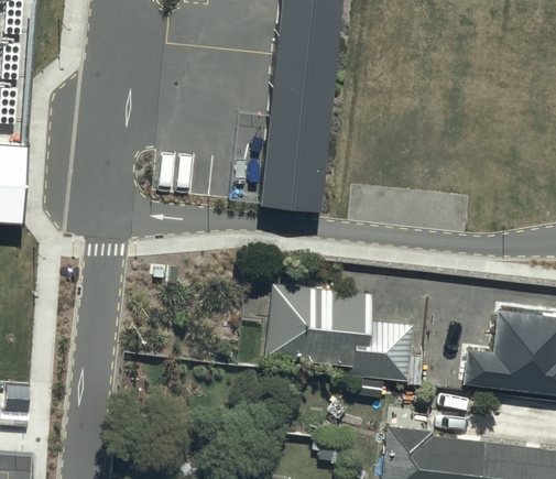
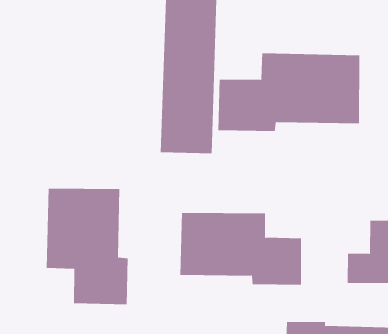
building: none -> [218,53,360,132]
building: none -> [46,188,128,305]

